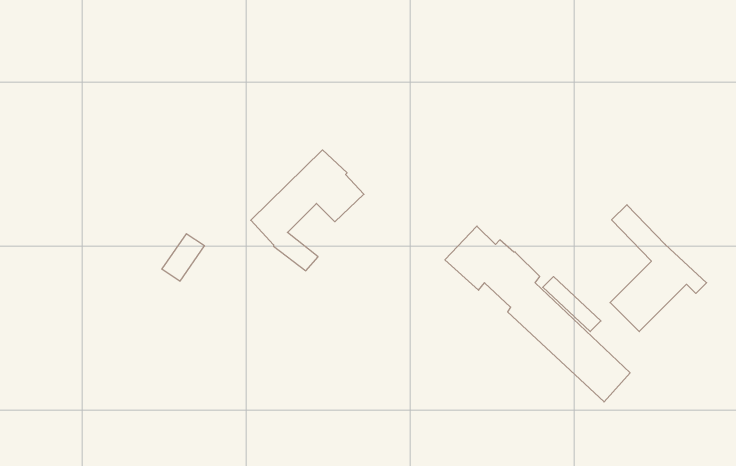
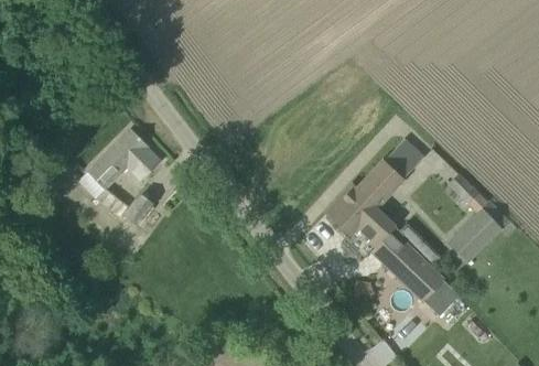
building: [251,150,364,271] -> [78,129,160,216]
building: none -> [348,141,421,206]

